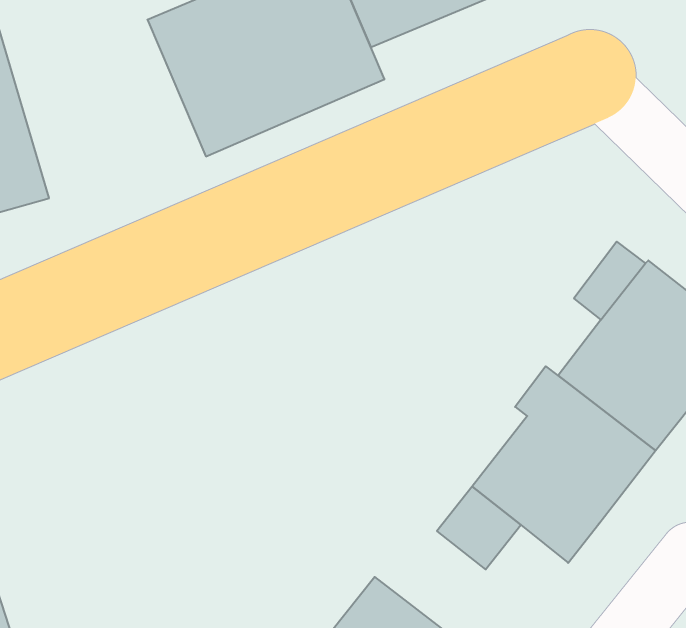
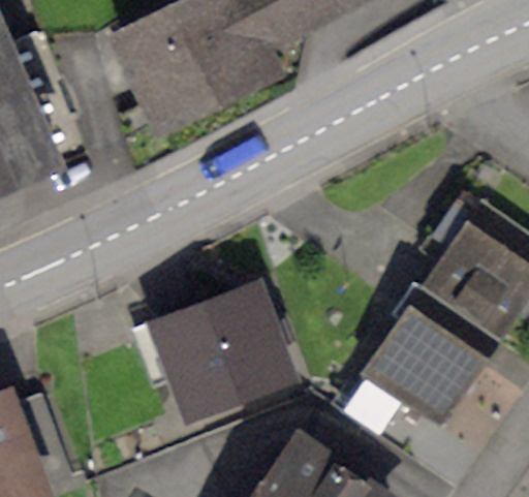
building: none -> [154,283,301,425]

